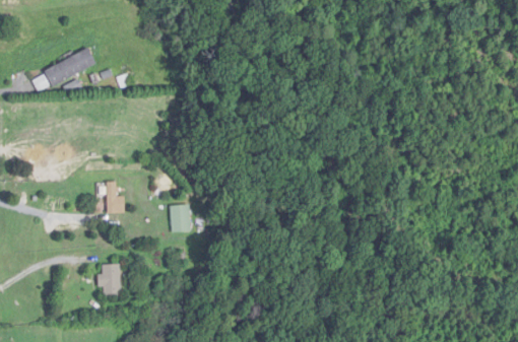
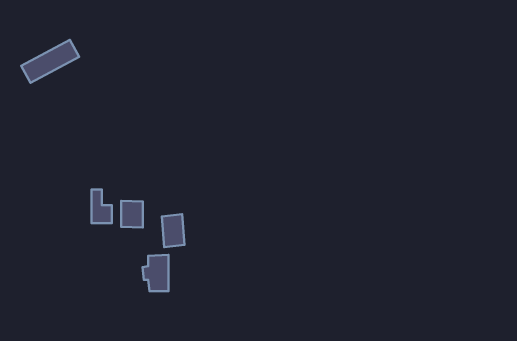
building: none -> [121,201,143,227]
building: [98,264,121,296] -> [143,255,169,291]

